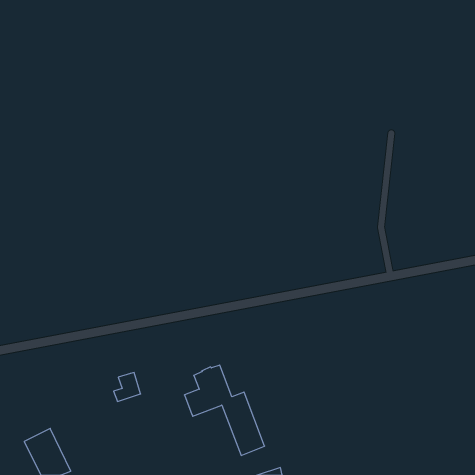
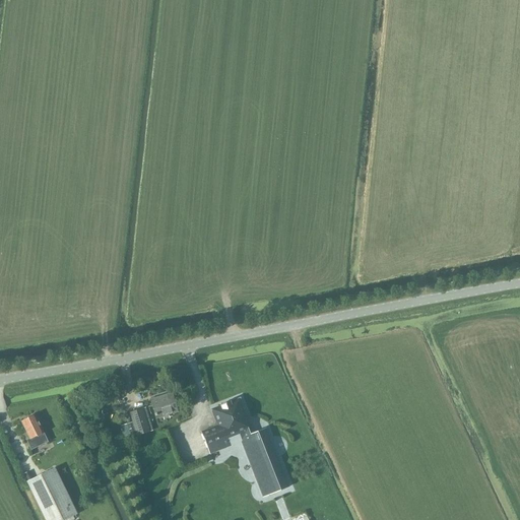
building: none -> [151,392,179,417]
building: none -> [22,414,49,449]

